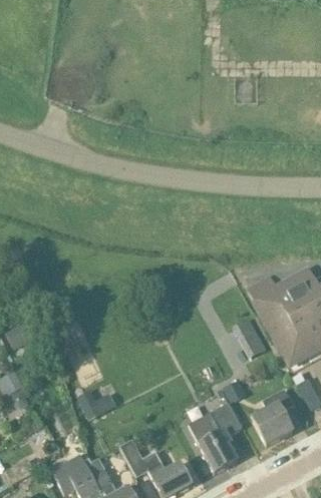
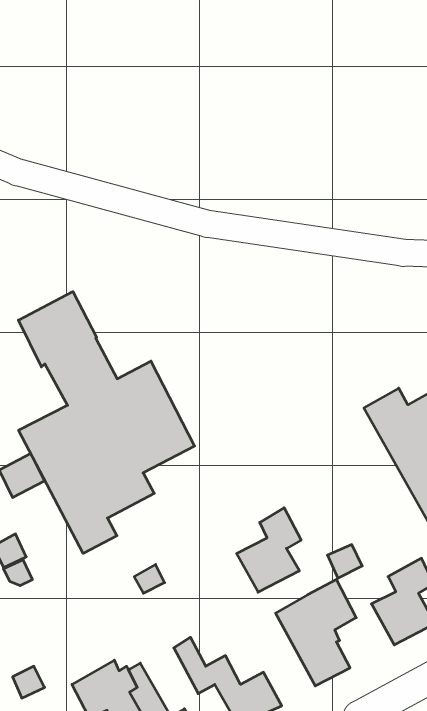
building: none -> [18,292,195,553]
building: [236,315,268,356] -> none
building: none -> [237,508,301,592]

